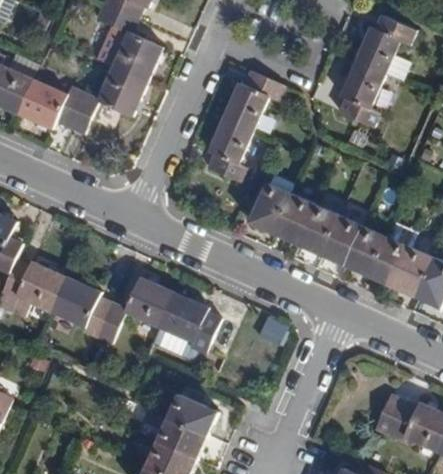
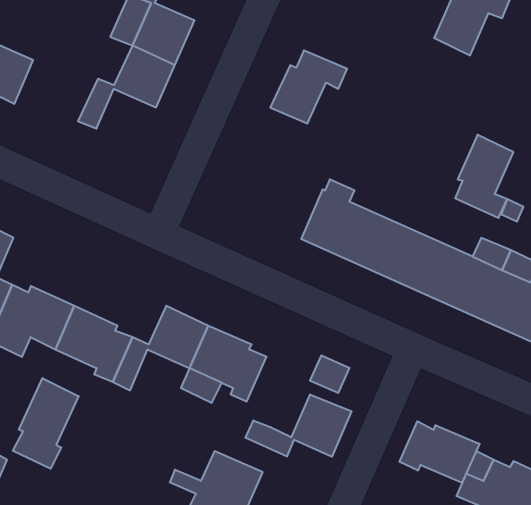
building: [337,60,384,127] -> [455,135,513,218]
building: [17,78,84,129] -> none
building: [205,116,253,183] -> none
building: none -> [13,378,79,469]
building: none -> [246,394,352,457]
building: none -> [400,421,480,483]

